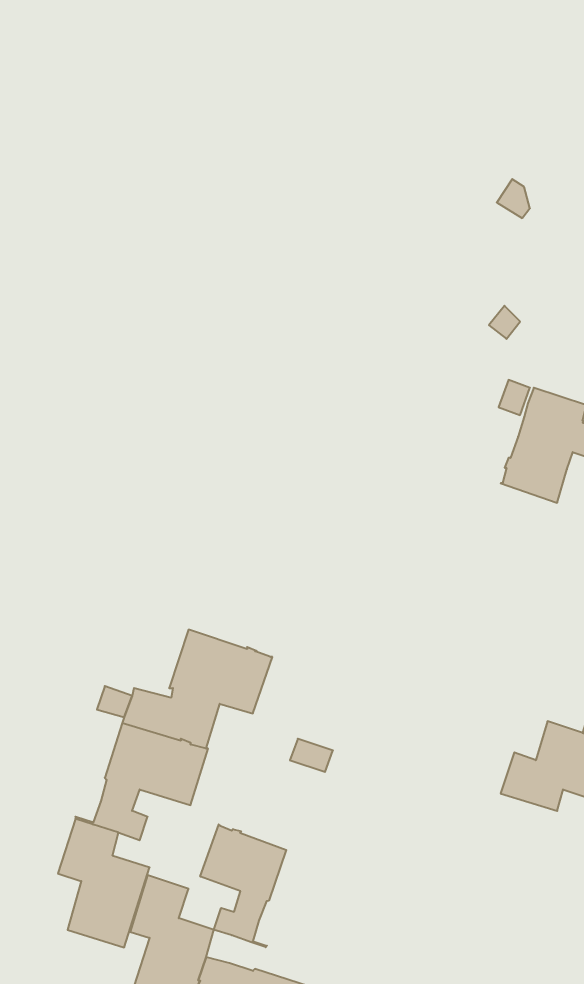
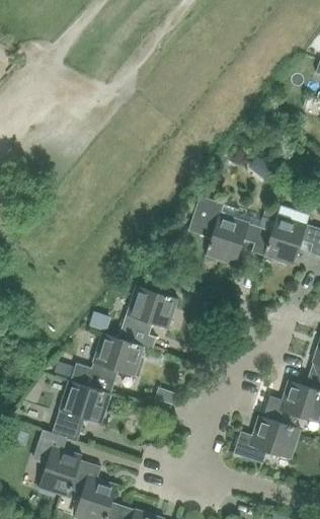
building: none -> [188,196,272,265]
building: none -> [101,285,177,346]
building: none -> [233,416,301,462]
building: [200,824,286,947] -> none

